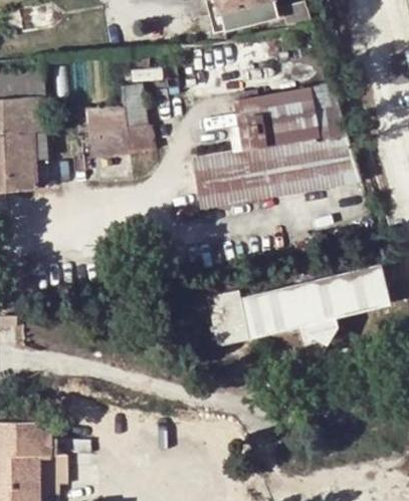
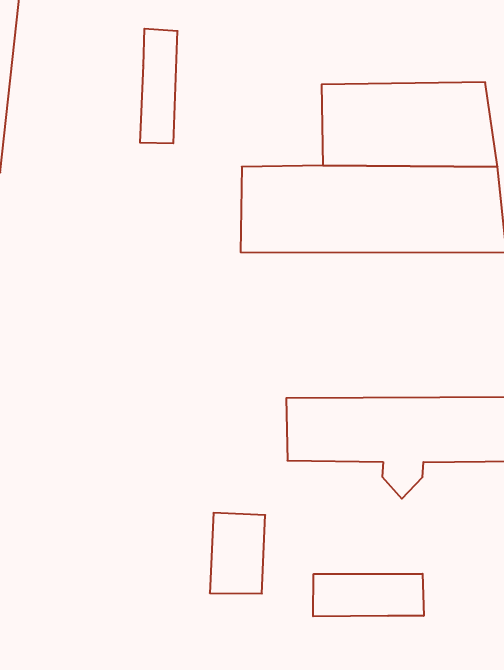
building: [88,108,130,172] -> none
building: [208,284,245,336] -> [210,513,265,594]
building: none -> [313,574,424,616]

